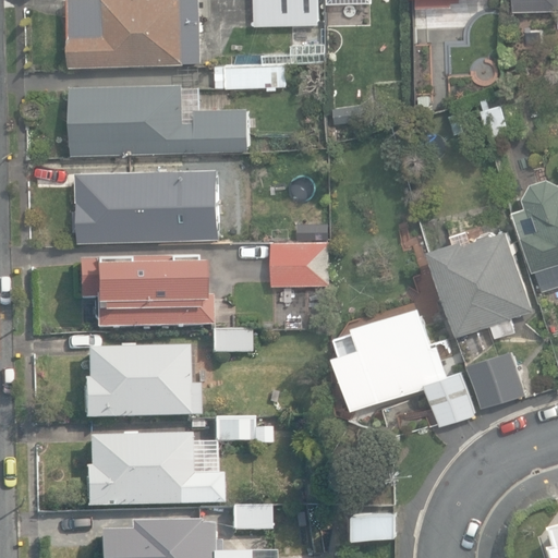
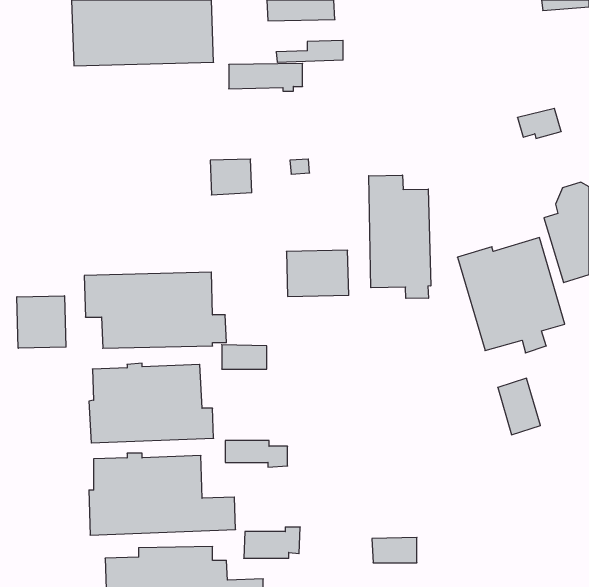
building: [70,81,247,154] -> none
building: none -> [369,175,431,298]
building: [75,170,197,243] -> none
building: none -> [17,296,66,348]
building: [336,305,475,426] -> none

